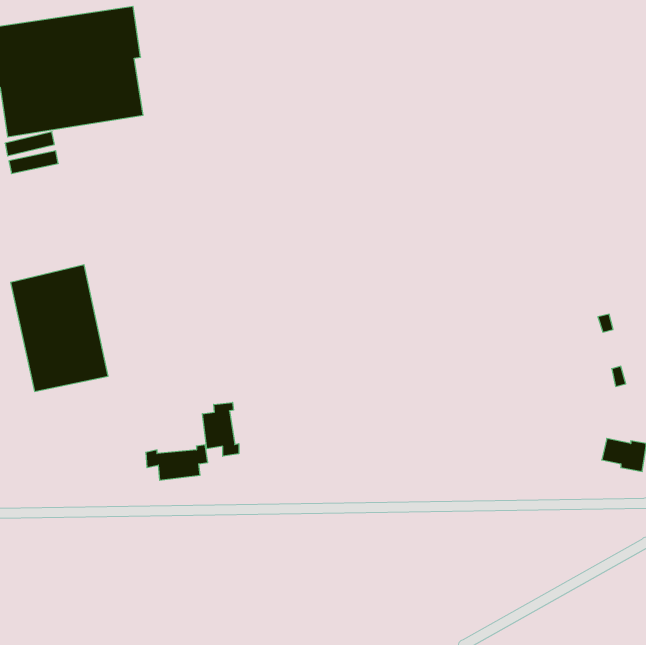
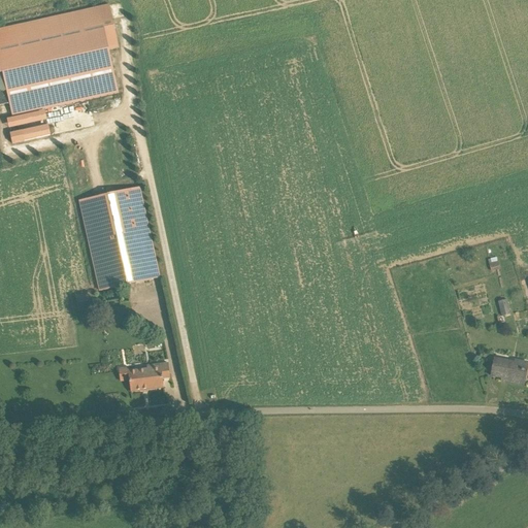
building: [11,265,108,391] -> [79,186,159,289]
building: [202,402,239,456] -> none

